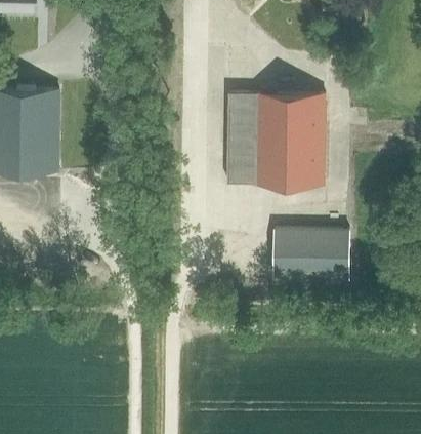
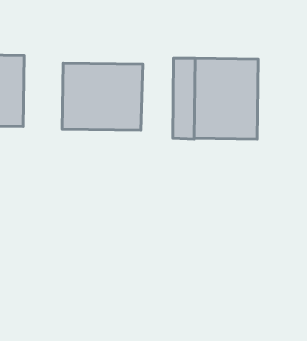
building: none -> [62,63,143,130]
building: [272,230,350,283] -> none

